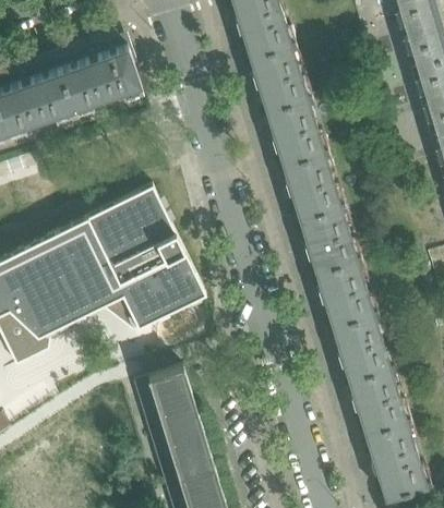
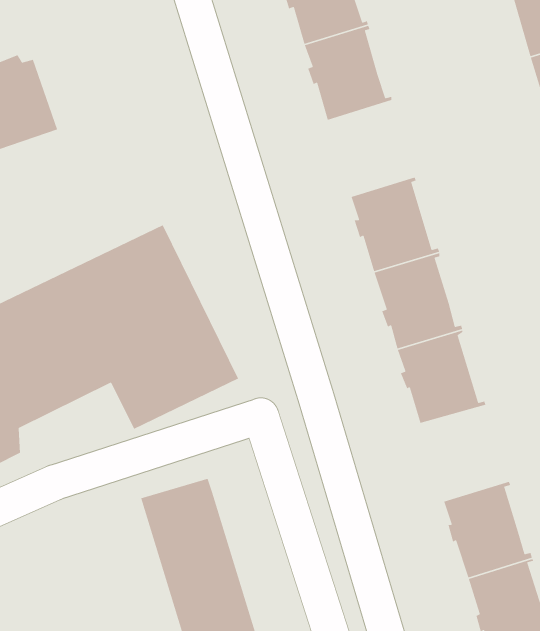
building: [60,44,146,120] -> none
building: [267,99,329,167] -> none
building: [333,314,396,382] -> none

